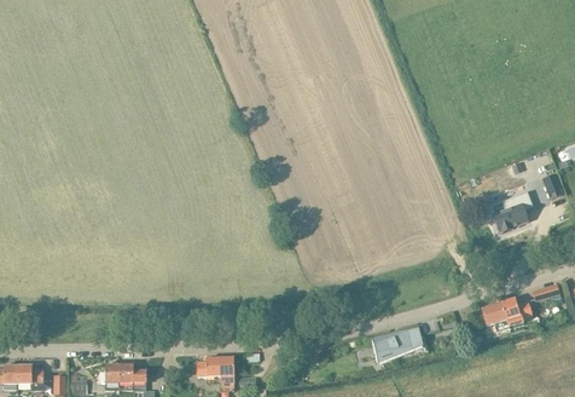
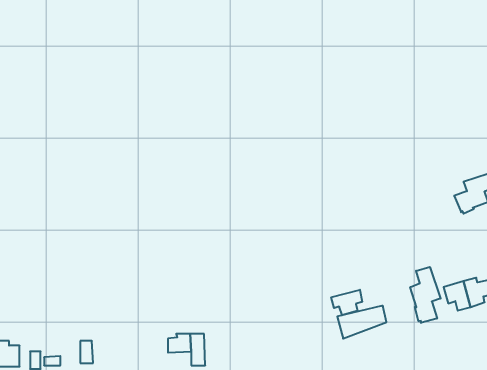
building: none -> [410,267,441,323]
building: none -> [331,290,362,315]
building: [117,364,146,387] -> none

